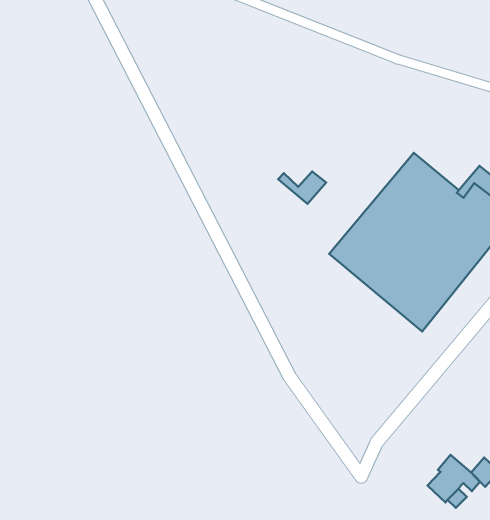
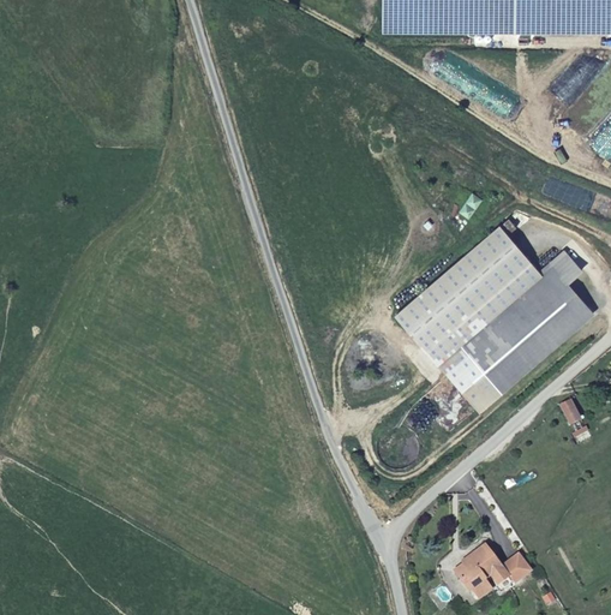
building: [278,171,326,204] -> none

